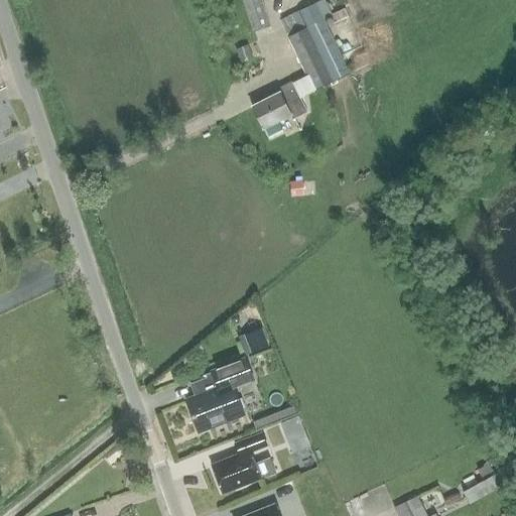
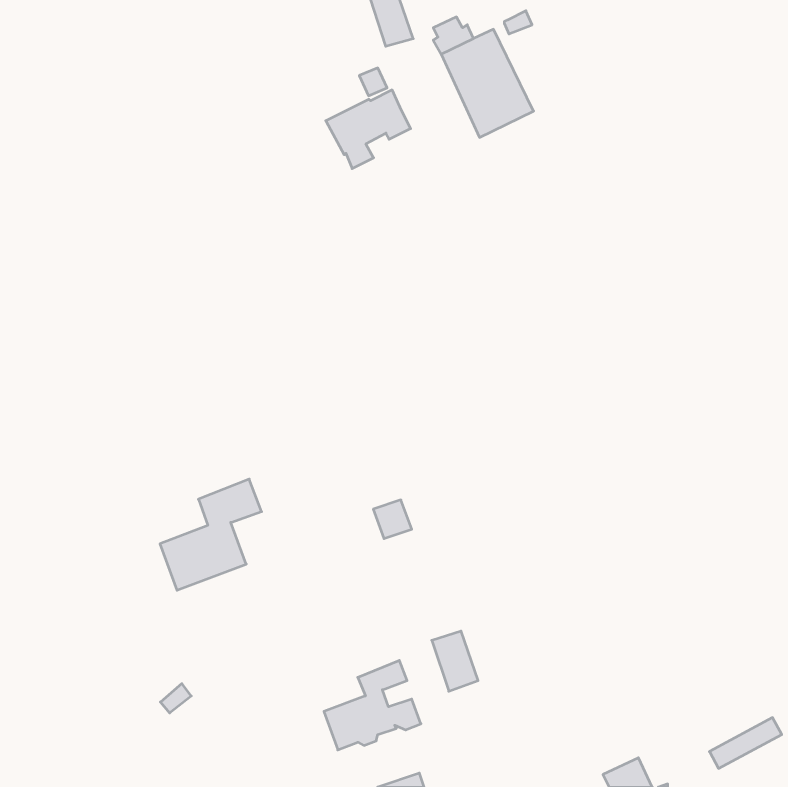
building: [251,86,306,137] -> [326,90,411,169]
building: [186,357,253,429] -> [160,479,262,590]

